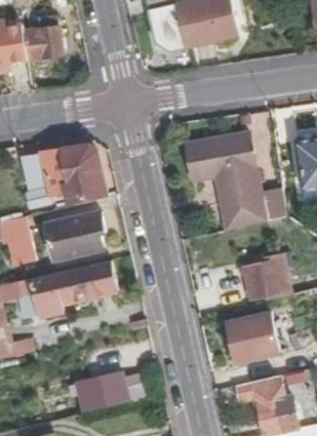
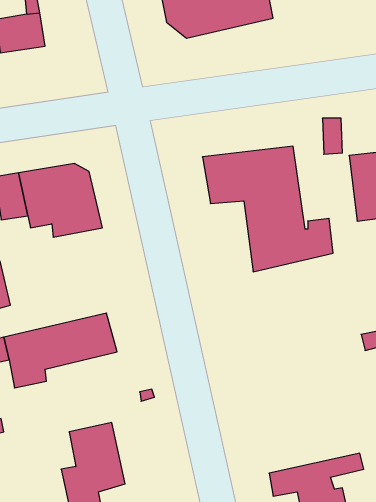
building: [46,212,105,261] -> none
building: [225,251,289,300] -> none
building: [227,313,276,362] -> none

